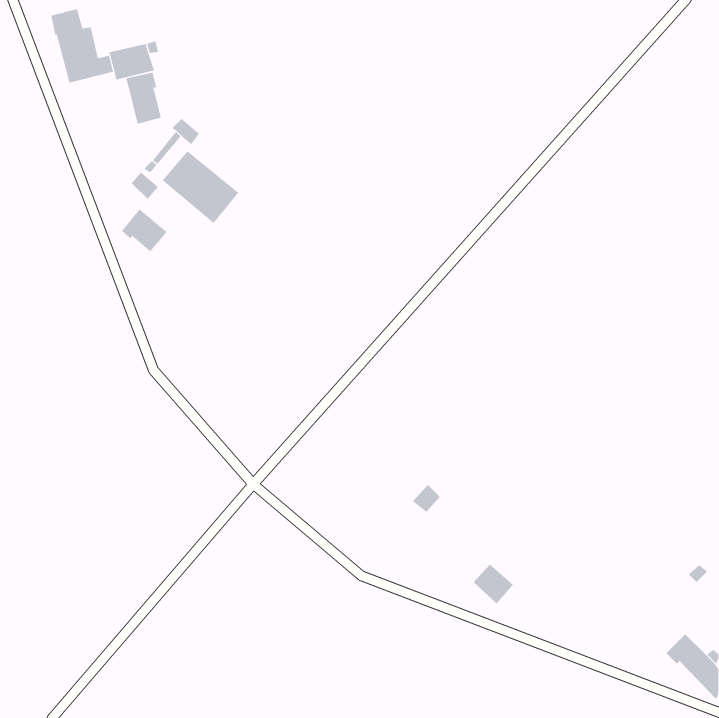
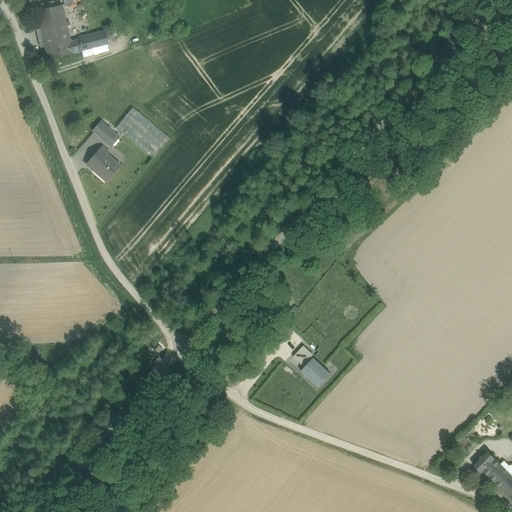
building: [126,72,161,124] -> none
building: [473,564,514,605] -> [301,358,330,387]

